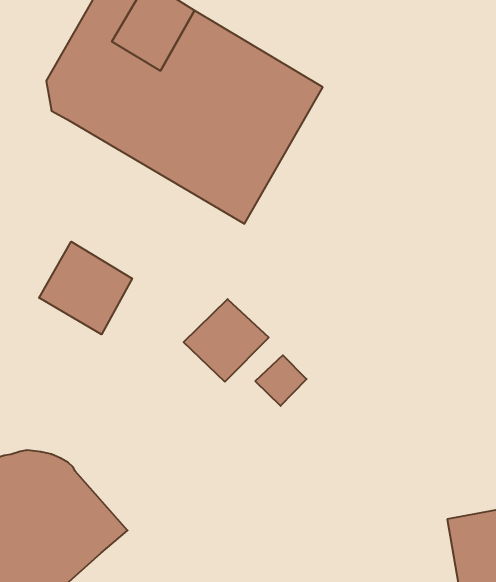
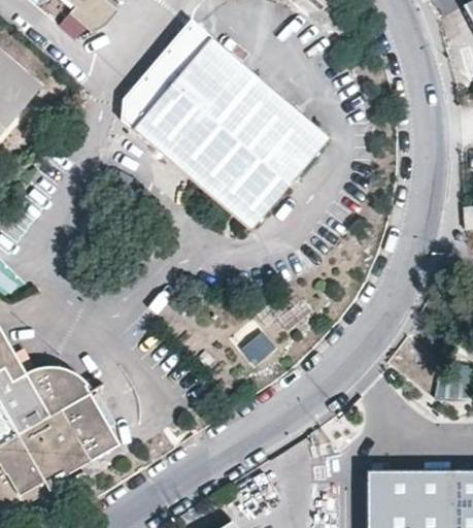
building: [39,242,132,334] -> none
building: [184,299,269,382] -> none

